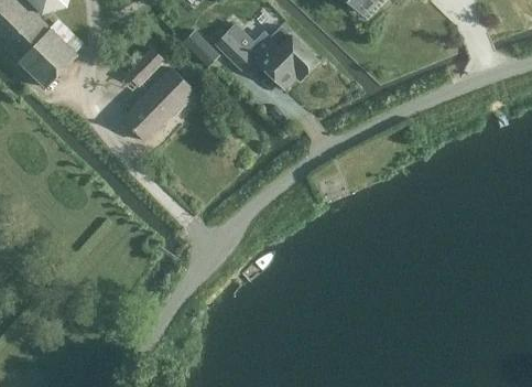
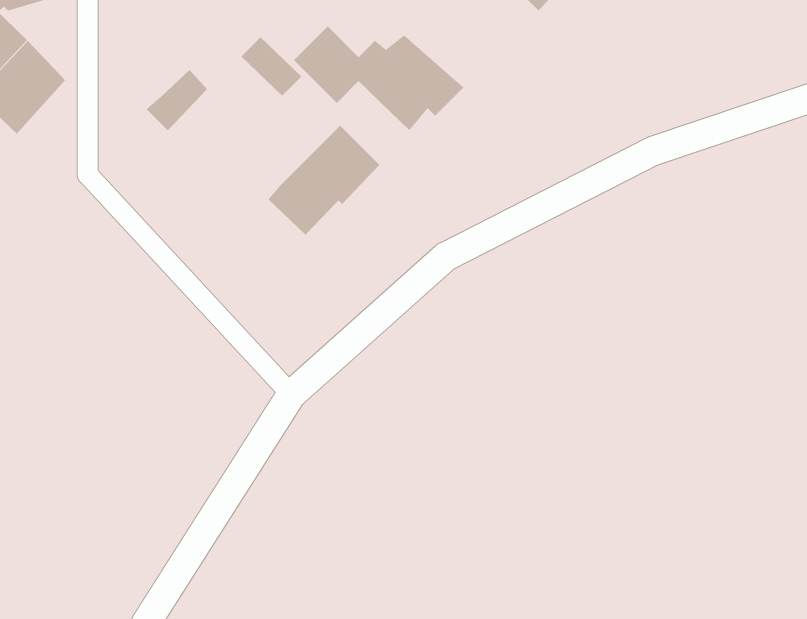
building: [127,68,195,136] -> [267,125,380,236]

